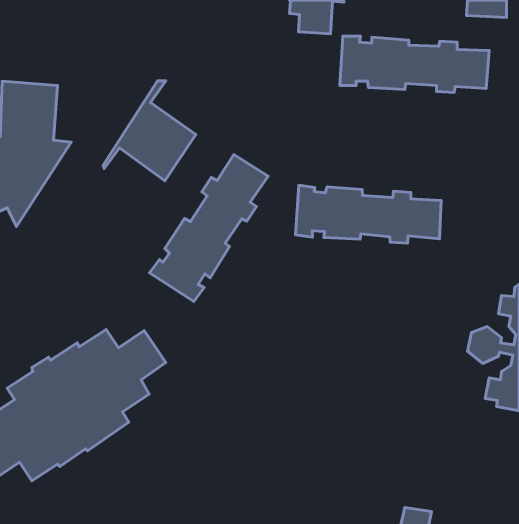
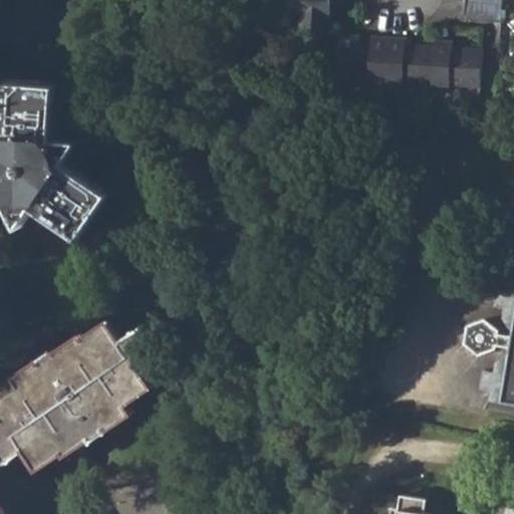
building: [103,81,196,181] -> [16,141,106,238]
building: [150,155,268,301] -> none
building: [296,185,441,243] -> none

